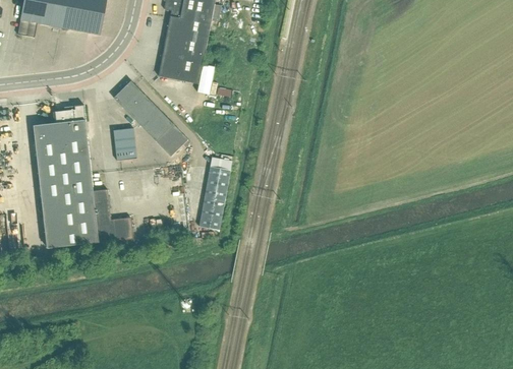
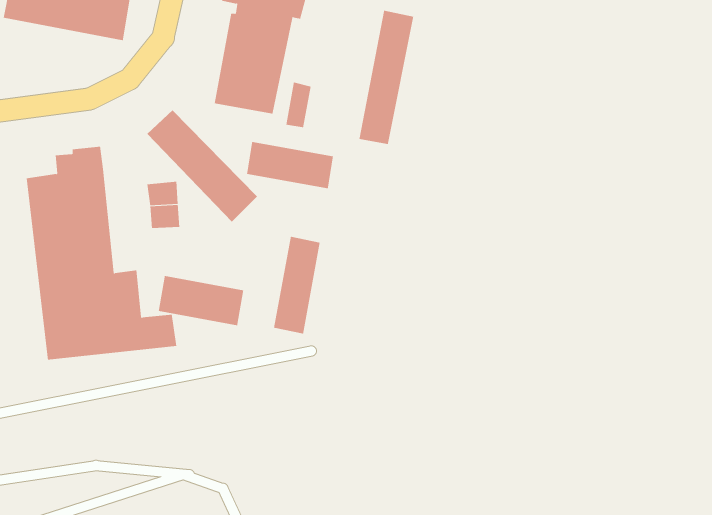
building: none -> [359,10,414,145]
building: none -> [246,141,334,189]
building: none -> [158,275,244,326]

